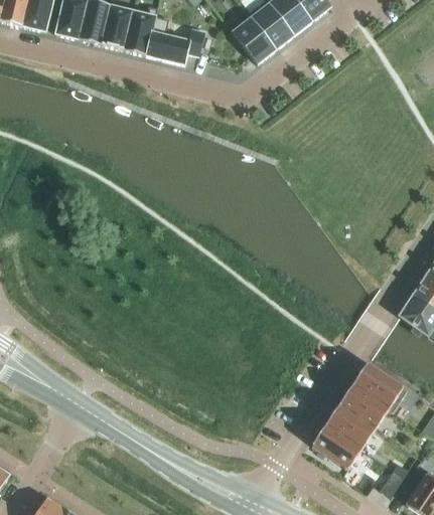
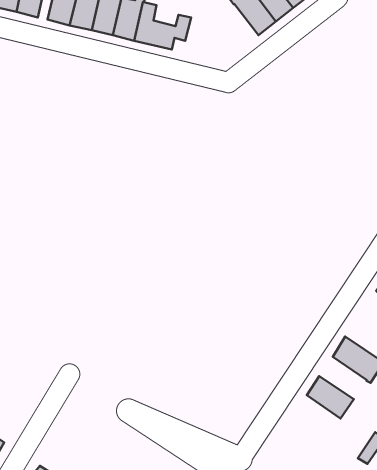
building: [232,17,276,63] -> none
building: [339,384,389,428] -> none
building: [312,424,361,470] -> none

